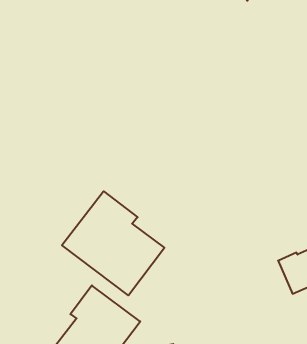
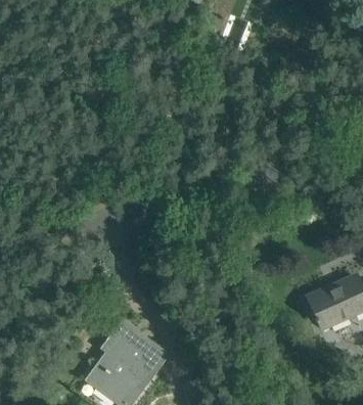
building: [62,191,164,295] -> none

